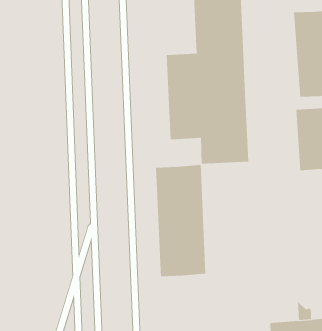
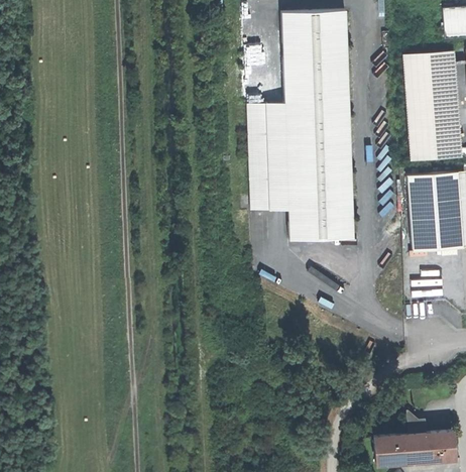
building: [155,164,206,277] -> none

